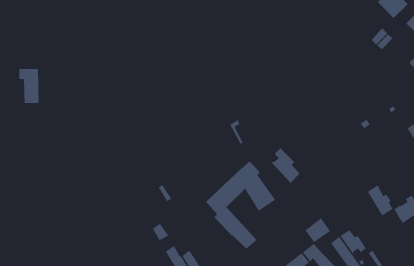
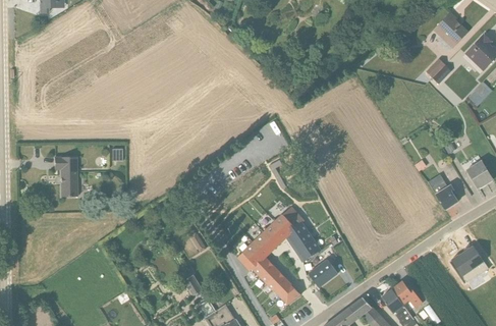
building: [18,68,40,104] -> [54,156,77,196]
building: [270,147,300,184] -> none
building: [367,184,394,216] -> [428,173,457,209]
building: [305,217,331,243] -> [308,258,337,286]

